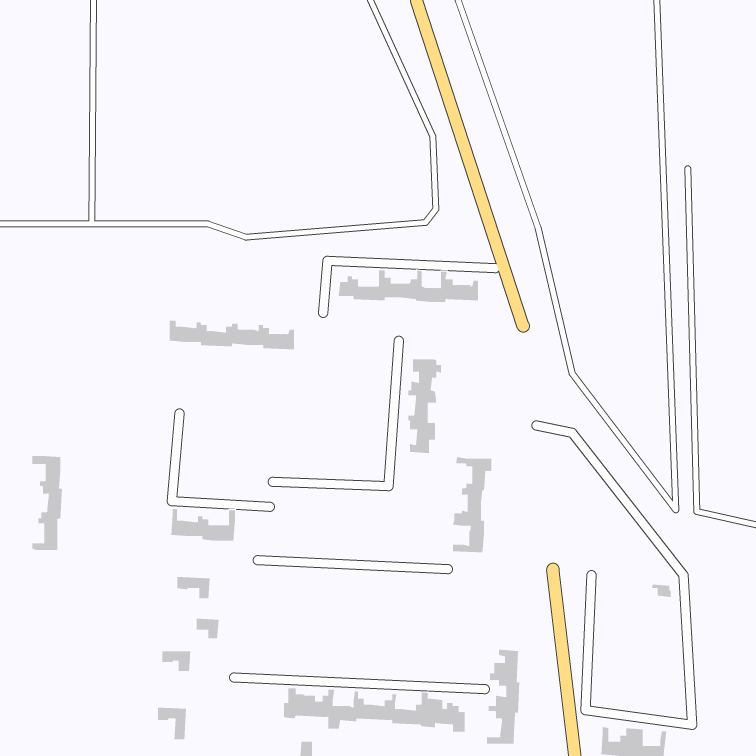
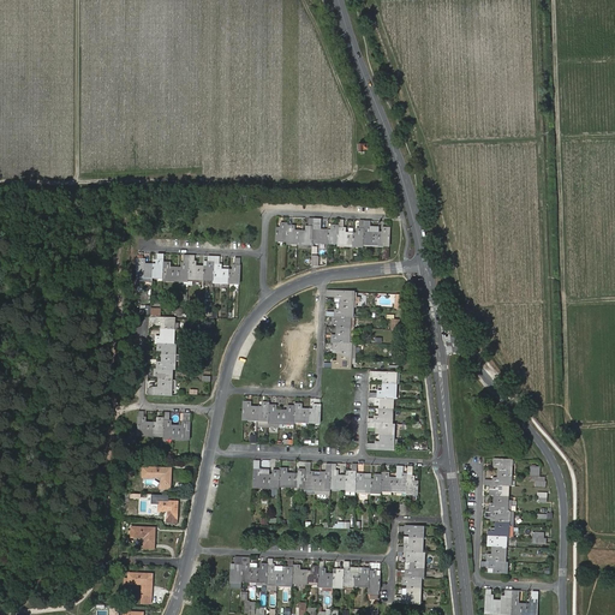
building: [32,455,63,550] -> [149,320,174,396]
building: none -> [243,402,320,428]
building: none -> [482,458,510,571]
building: none -> [253,464,416,495]

